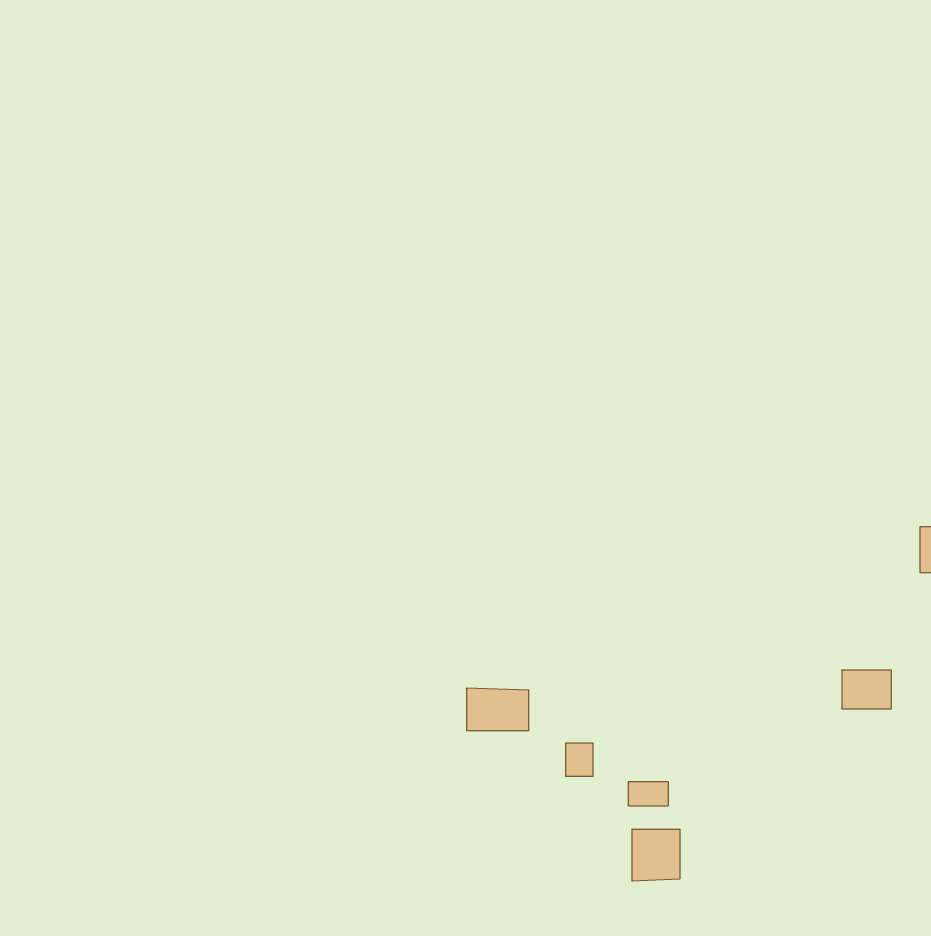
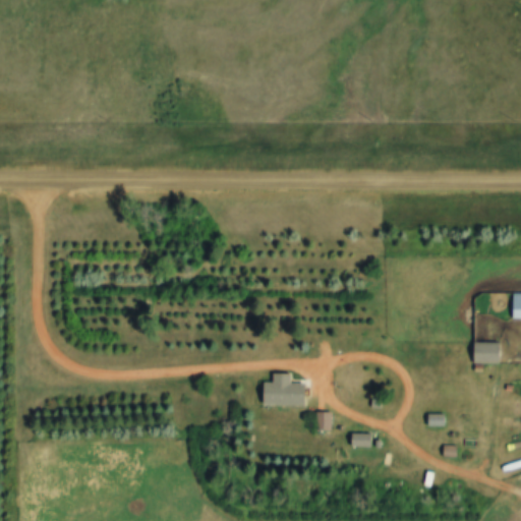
building: [842,670,891,709] -> [473,341,501,362]
building: [632,829,680,881] -> none

